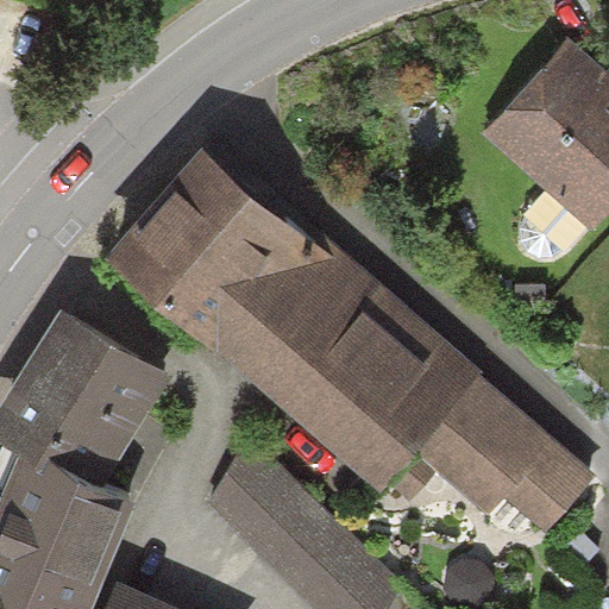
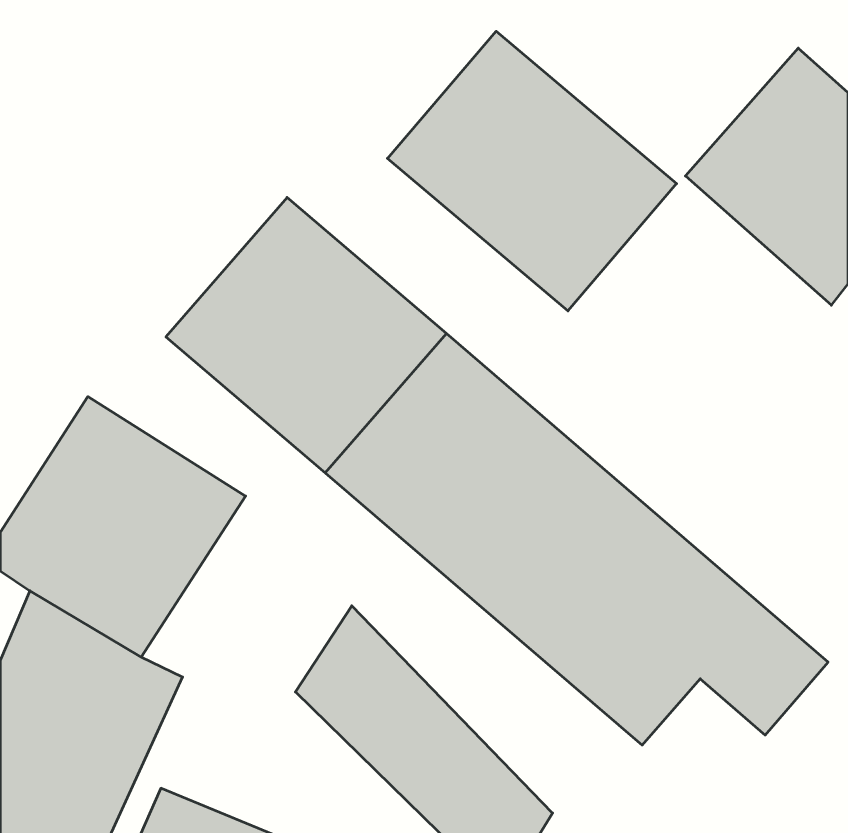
building: none -> [387,31,677,311]

